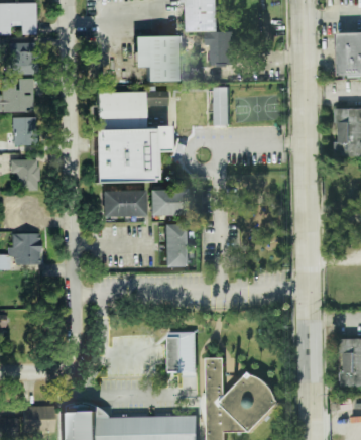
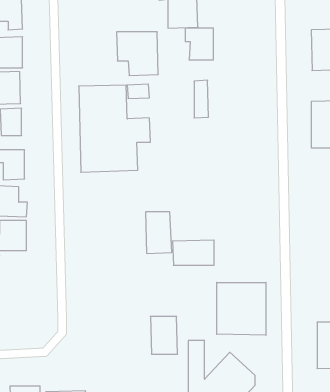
building: [148,189,192,215] -> [172,240,214,265]
building: [102,190,144,216] -> none
building: none -> [217,282,266,335]

